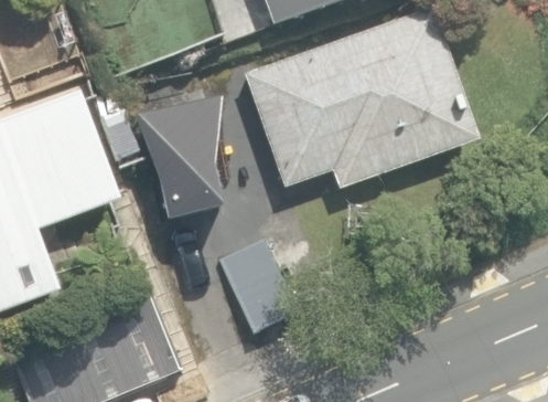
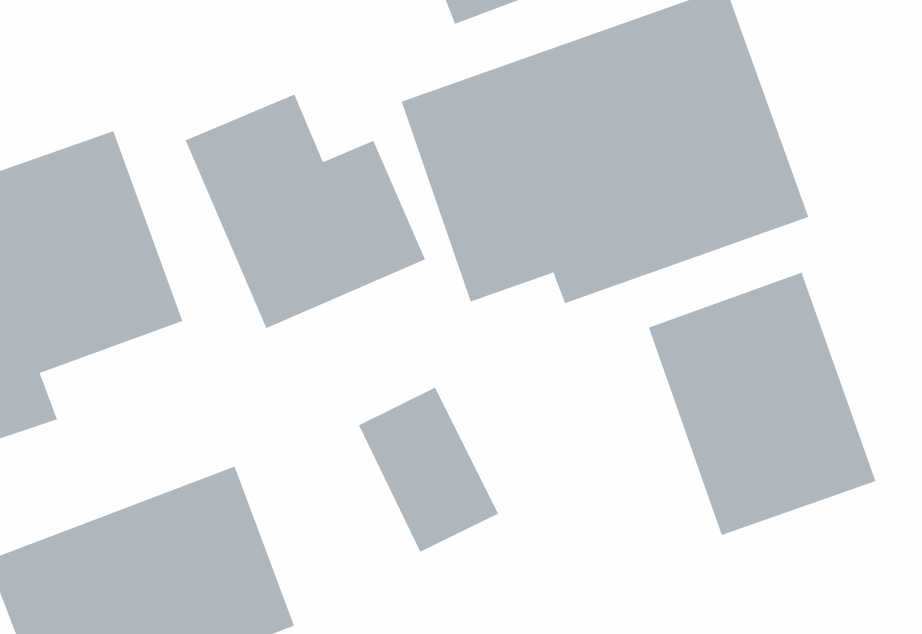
building: none -> [648,272,876,536]

